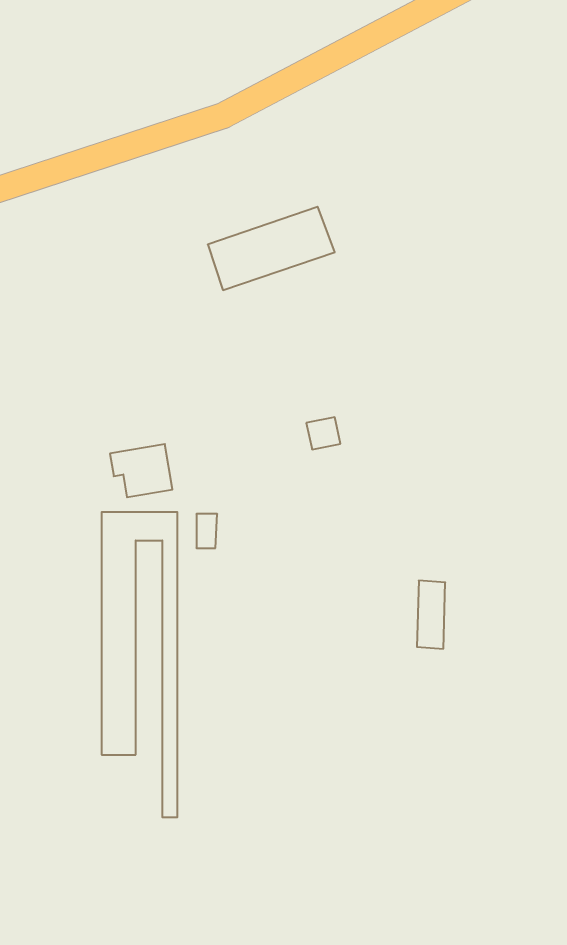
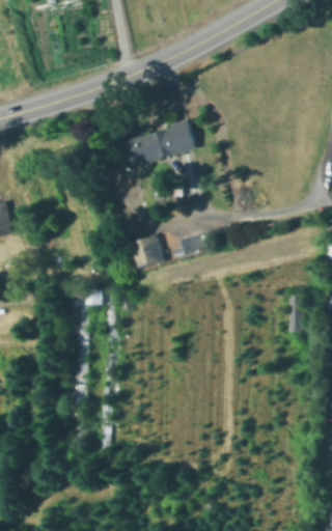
building: [110,444,172,497] -> [128,237,162,267]
building: [417,581,445,649] -> [288,295,304,332]

